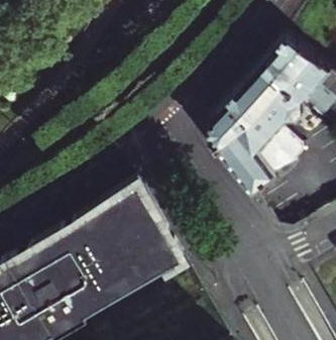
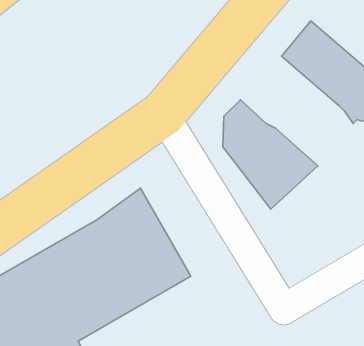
building: [226,66,311,159] -> none

